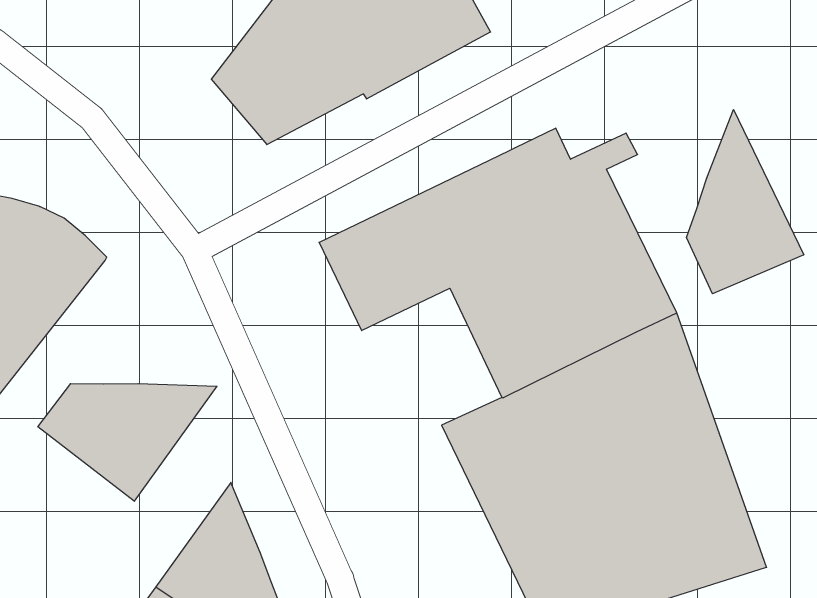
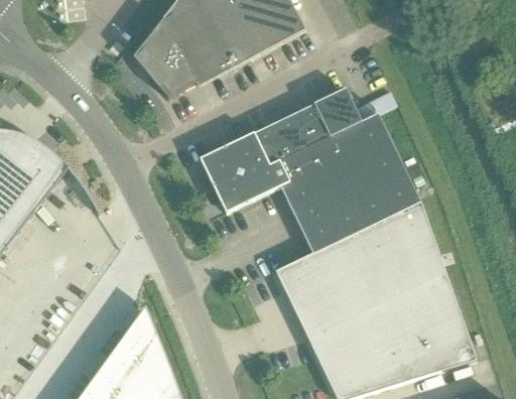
building: [687,110,804,294] -> none
building: [38,384,217,501] -> none

